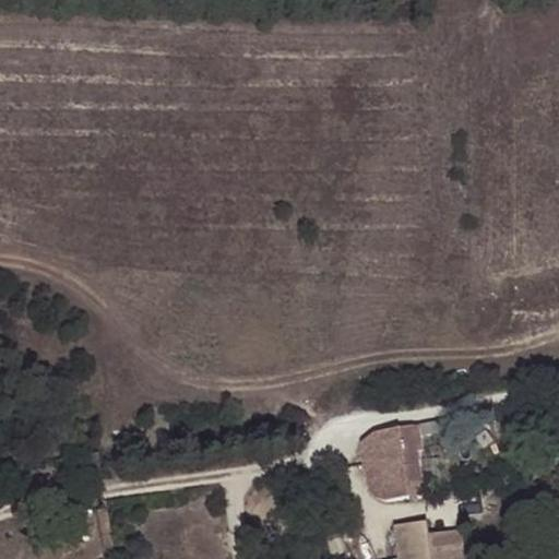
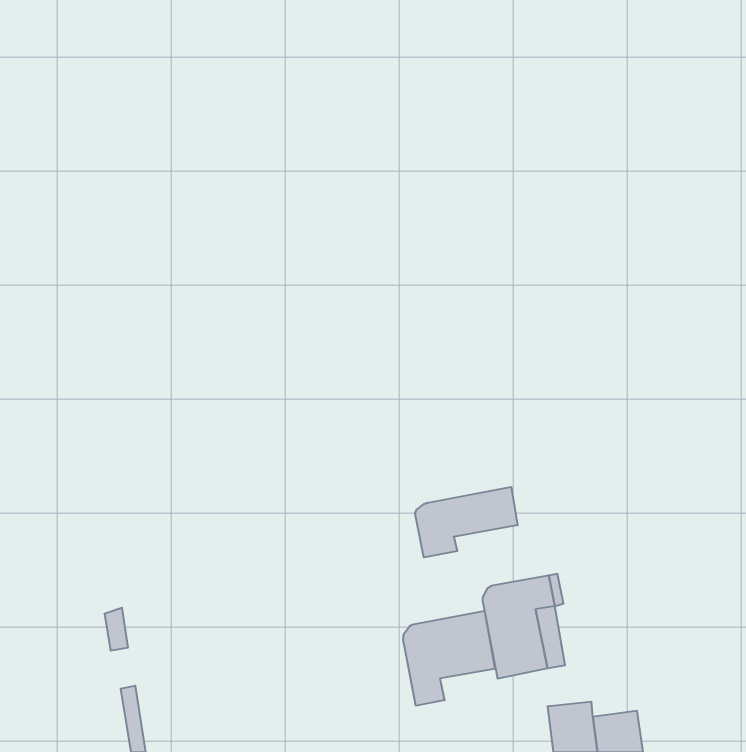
building: none -> [415,487,518,557]
building: none -> [403,611,495,706]

